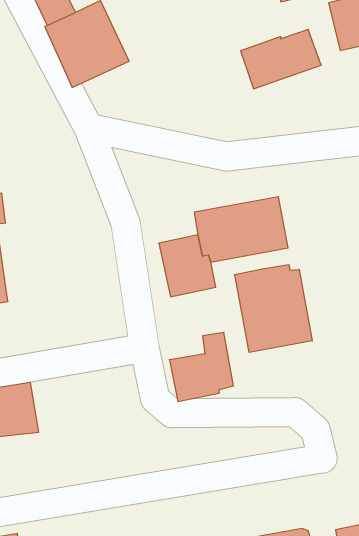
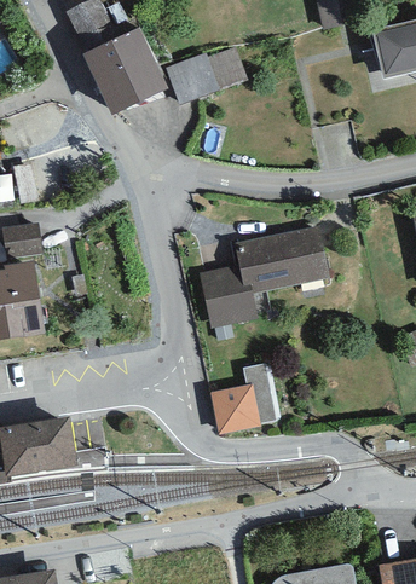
building: [241,29,321,89] -> [166,47,248,108]
building: [235,265,312,352] -> none

